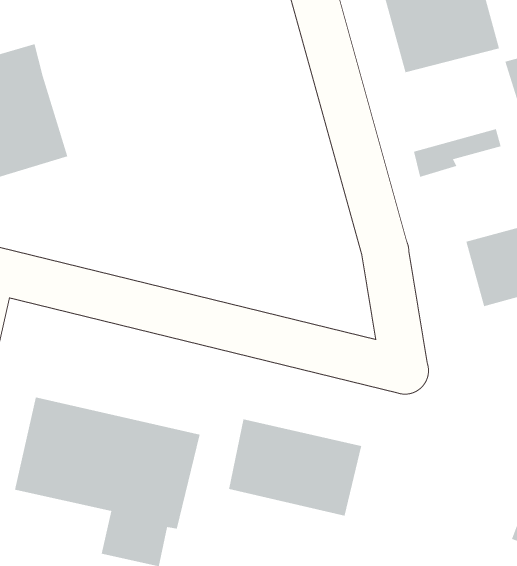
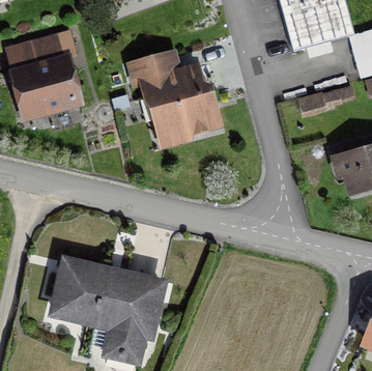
building: none -> [131,49,220,148]
building: [228,419,362,516] -> none

